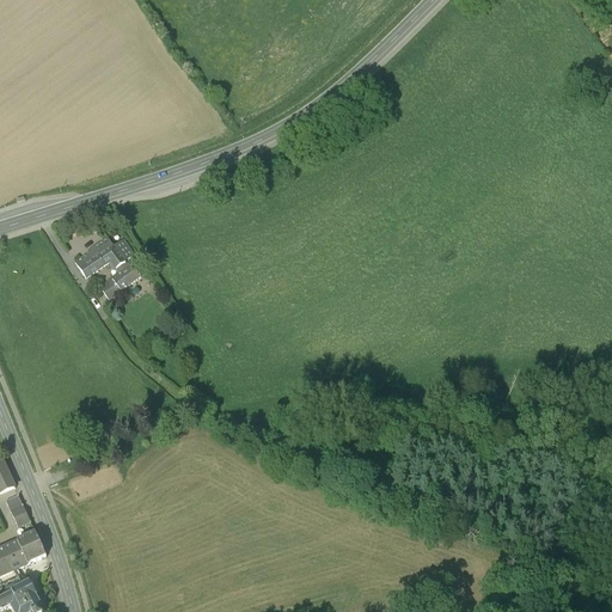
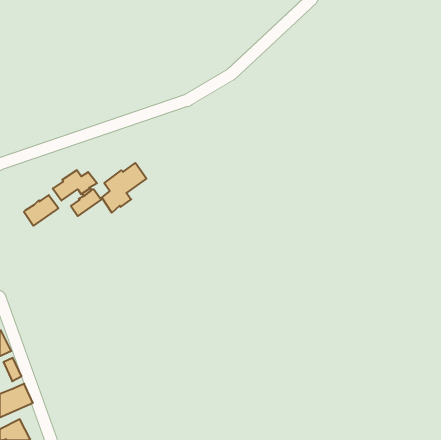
building: none -> [102,163,146,213]
building: none -> [24,195,58,226]

